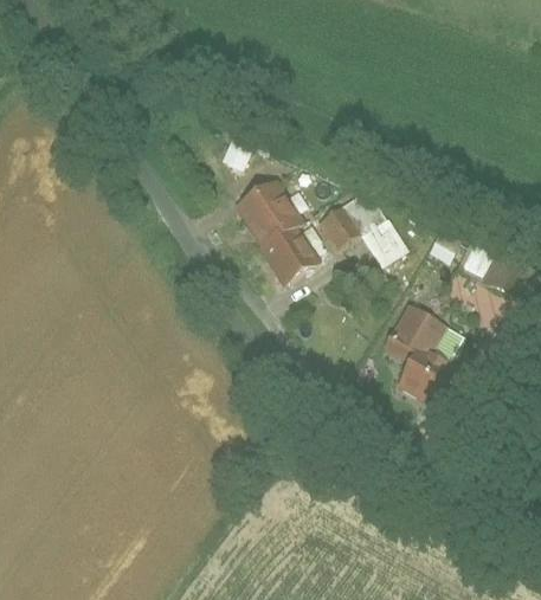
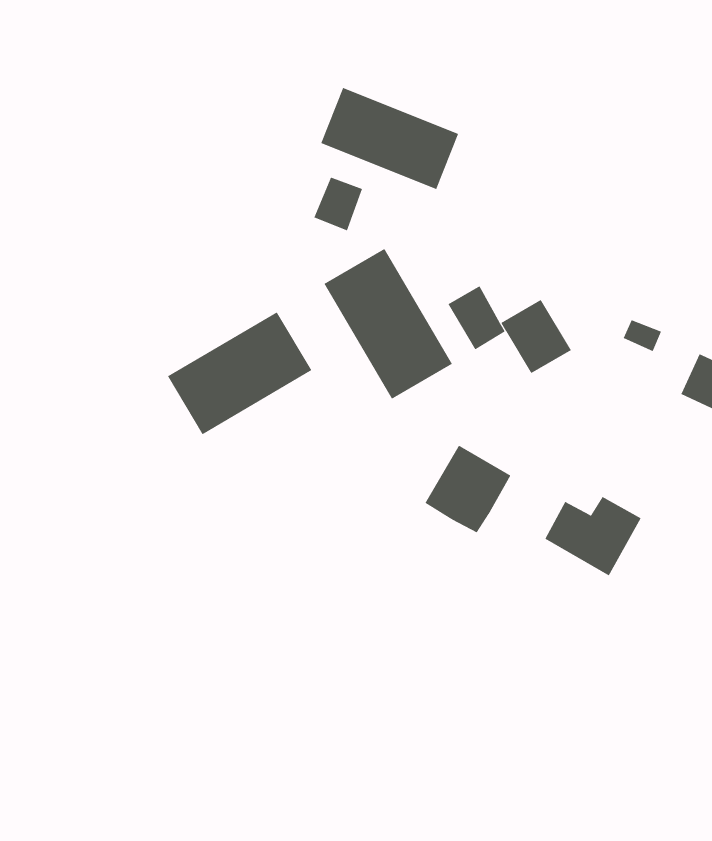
building: none -> [321,87,459,190]
building: none -> [167,311,312,435]
building: [384,304,444,366] -> [425,445,511,533]

